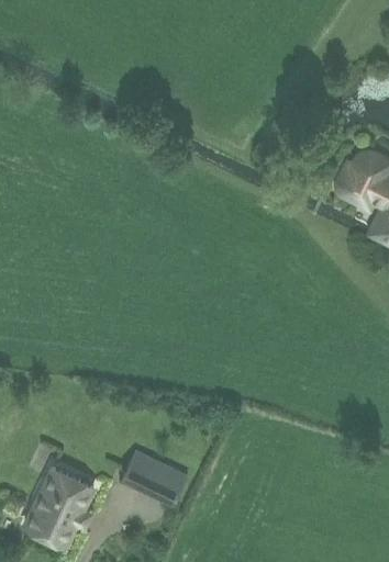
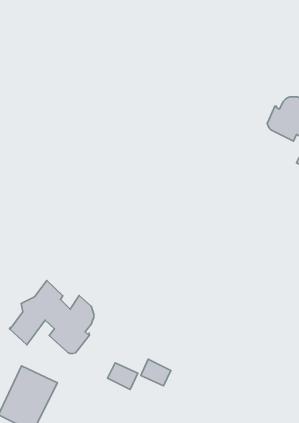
building: none -> [10,280,94,354]
building: [126,451,162,482] -> [141,359,171,386]

